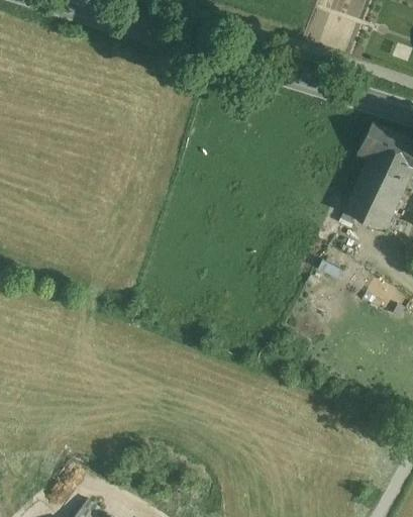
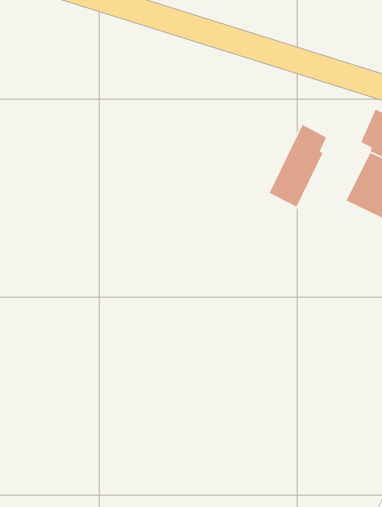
building: none -> [269,124,327,208]

